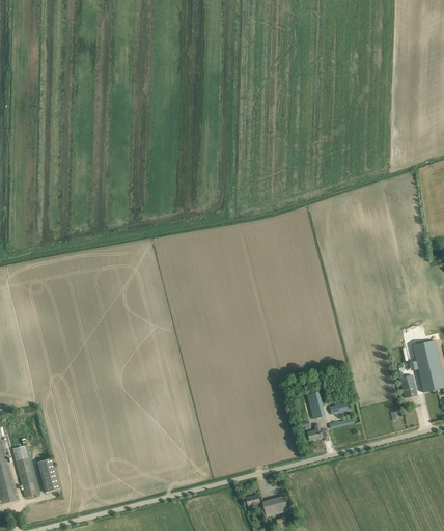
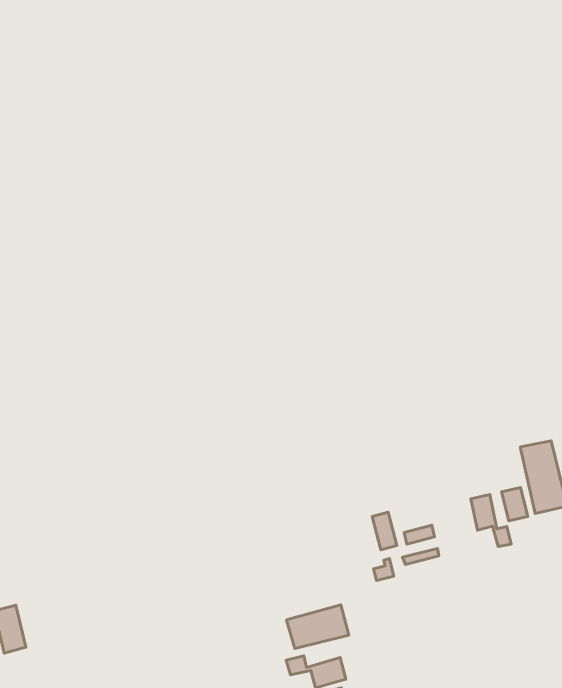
building: none -> [471,494,511,547]
building: none -> [286,605,349,648]

